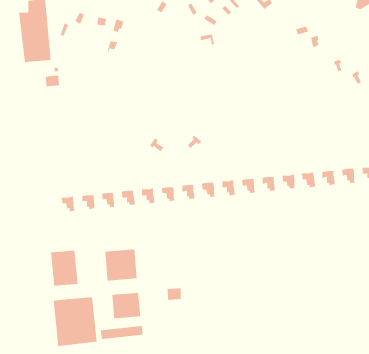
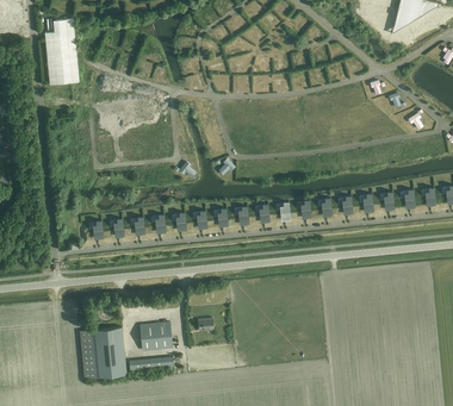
building: [105,249,137,281] -> none
building: [50,250,78,287] -> none

